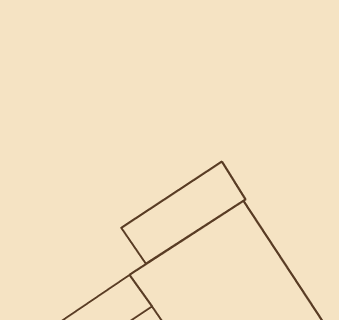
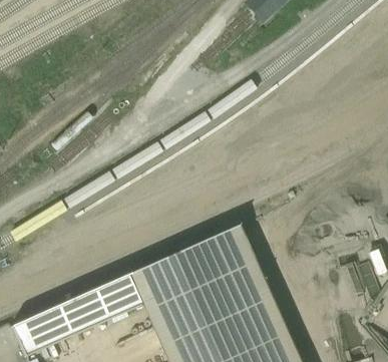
building: [121,162,245,264] -> none

